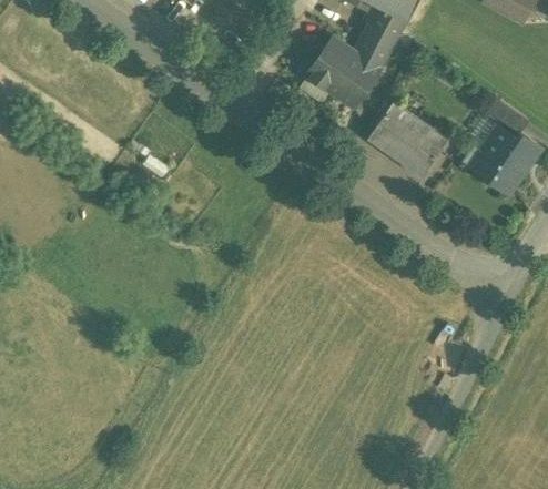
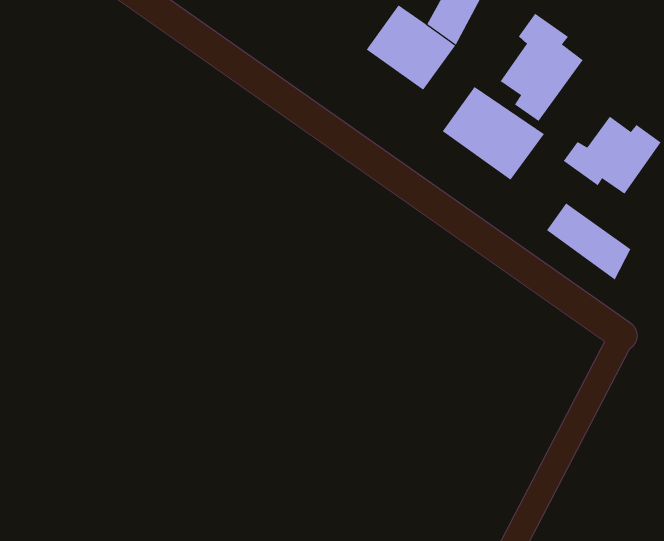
building: none -> [500,13,583,122]
building: none -> [546,202,631,280]

